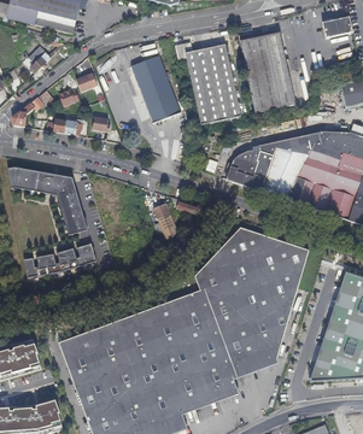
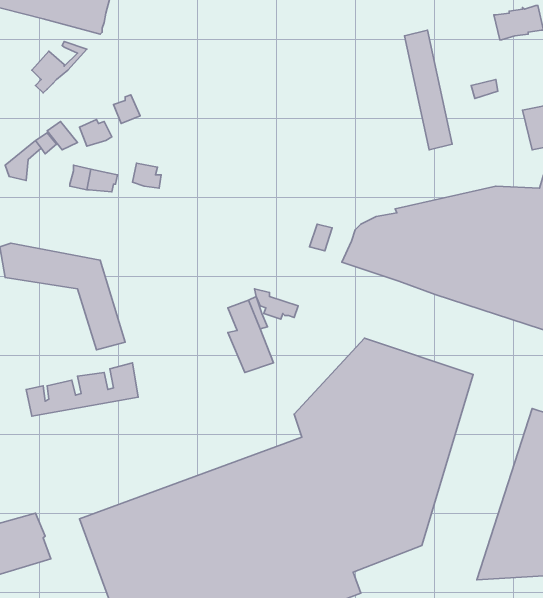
building: [238,31,280,112] -> none
building: [174,41,240,124] -> none
building: [130,54,180,123] -> none

